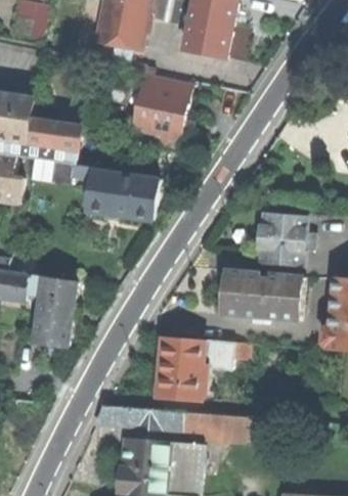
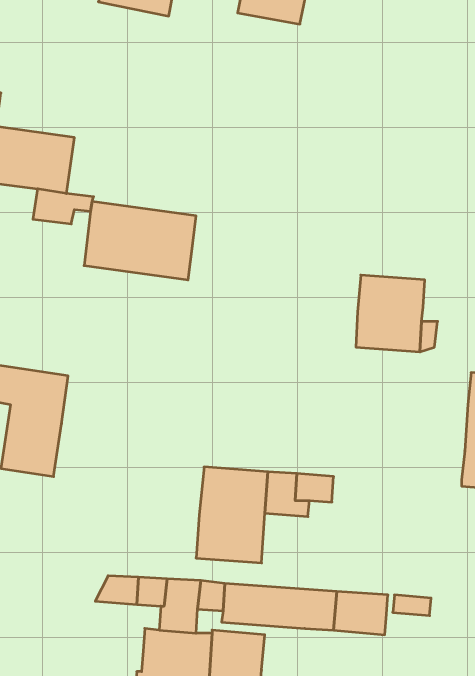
building: [129,73,188,147] -> none
building: [221,270,302,320] -> none

